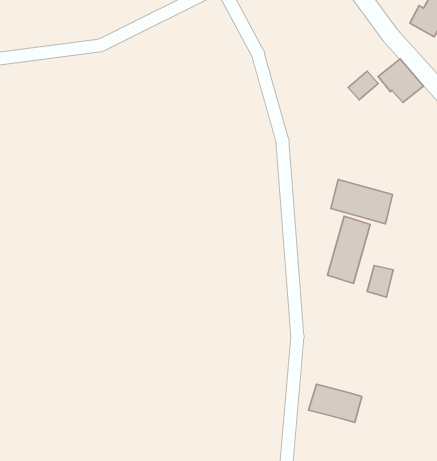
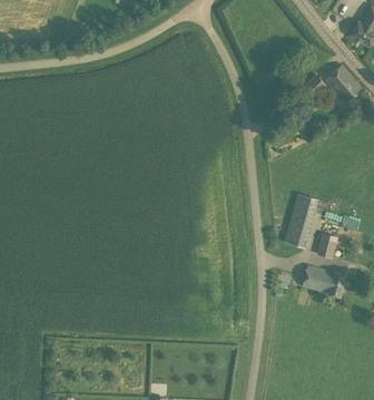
building: [331,179,393,224] -> none
building: [308,384,362,423] -> [302,265,345,296]

